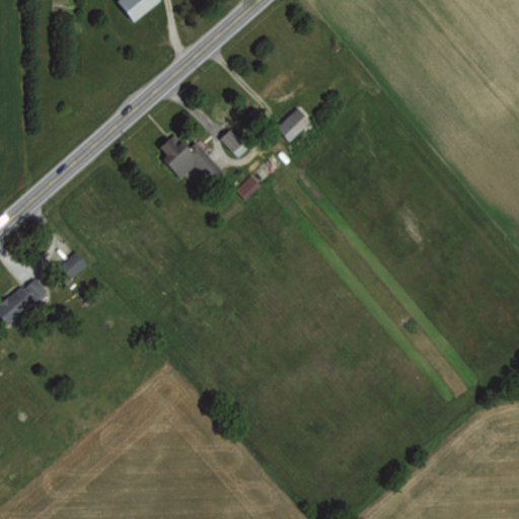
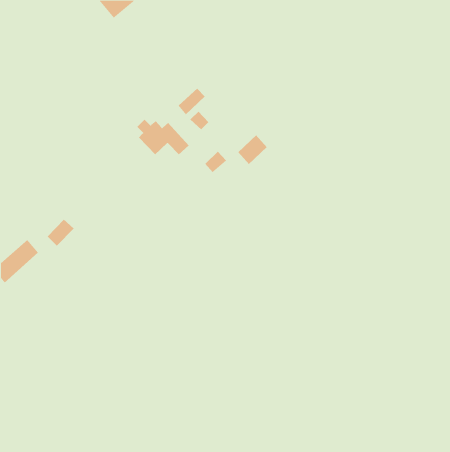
building: none -> [178,88,206,115]
building: [277,106,311,141] -> [237,135,268,165]

